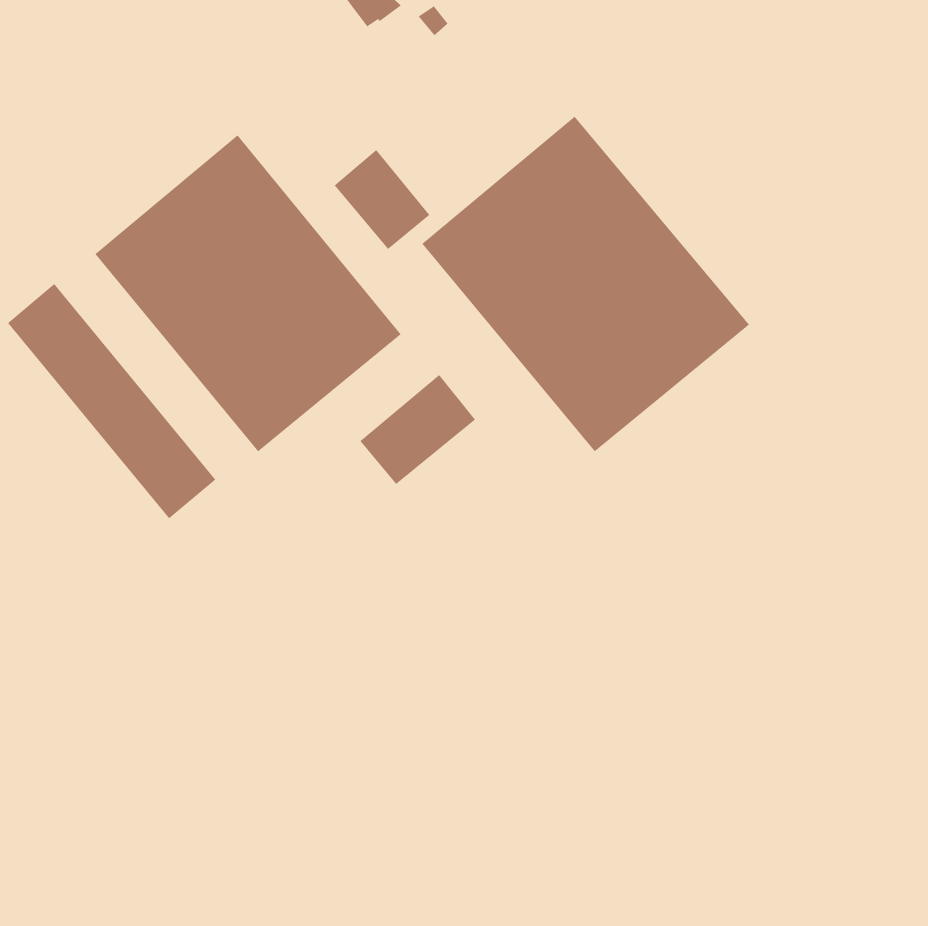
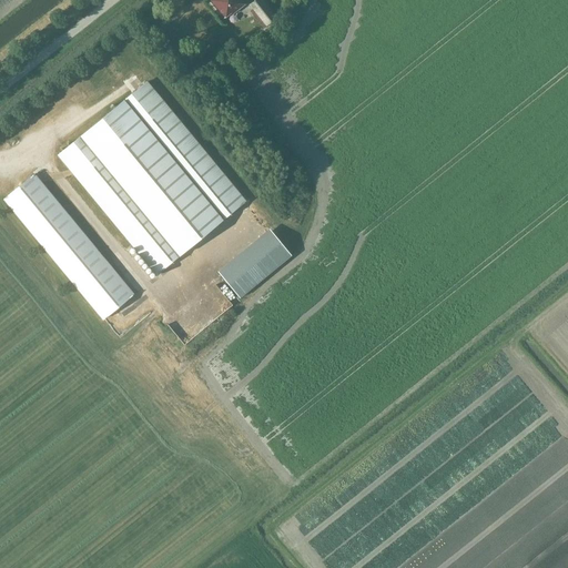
building: [421,116,750,452] -> none
building: [334,149,430,250] -> none

